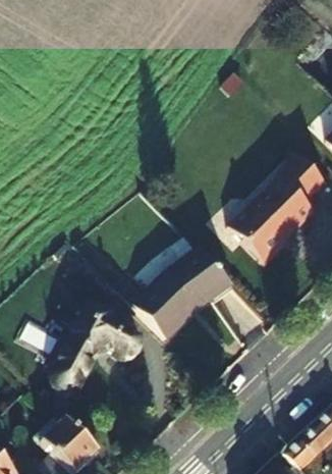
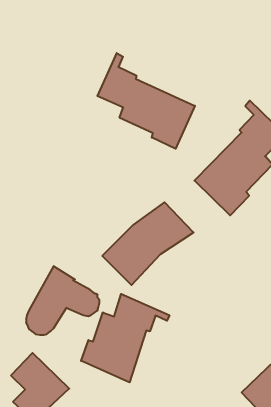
building: none -> [97,53,195,149]
building: none -> [81,294,169,382]

